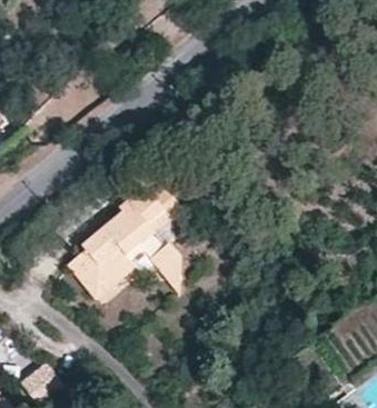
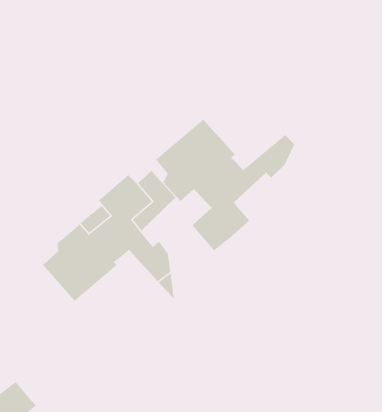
building: none -> [155,119,295,251]

